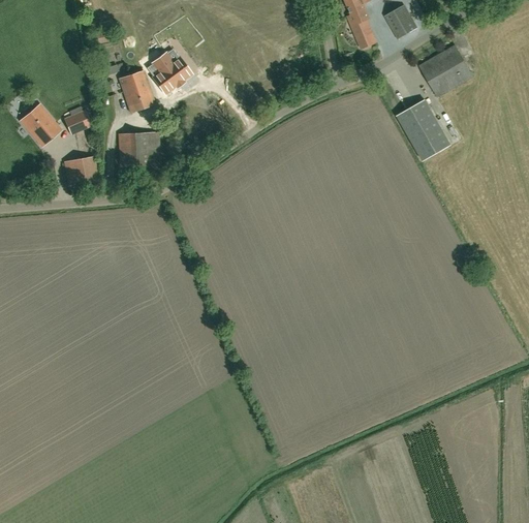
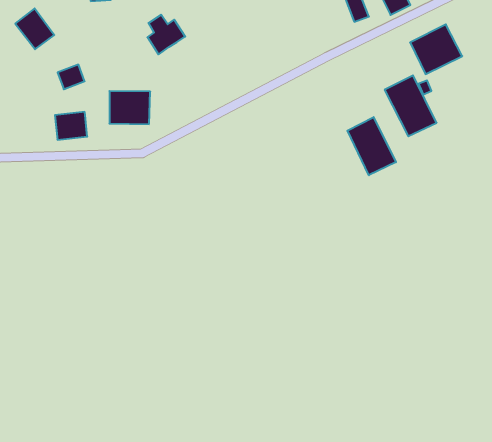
building: [119,70,154,112] -> none
building: [20,103,60,145] -> [15,8,54,49]
building: none -> [347,117,396,175]

